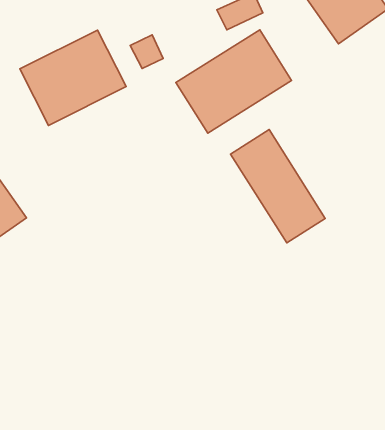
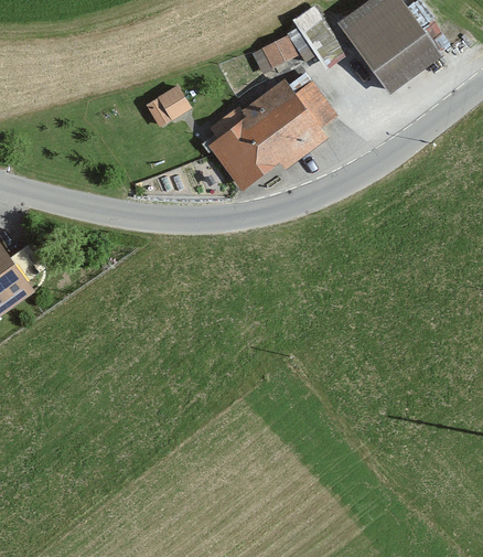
building: [20,30,126,125] -> none
building: [231,130,325,243] -> none

